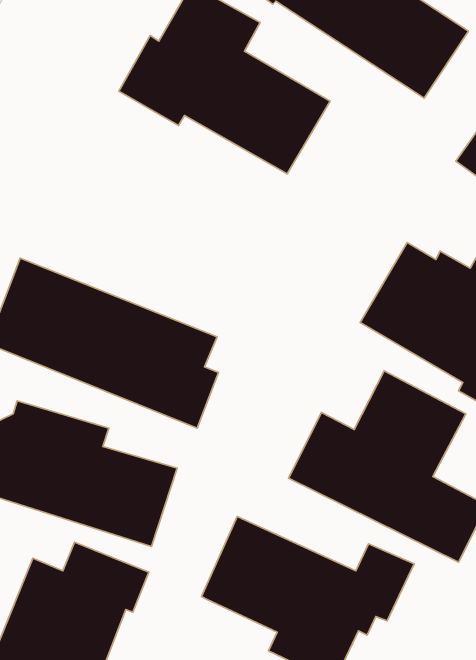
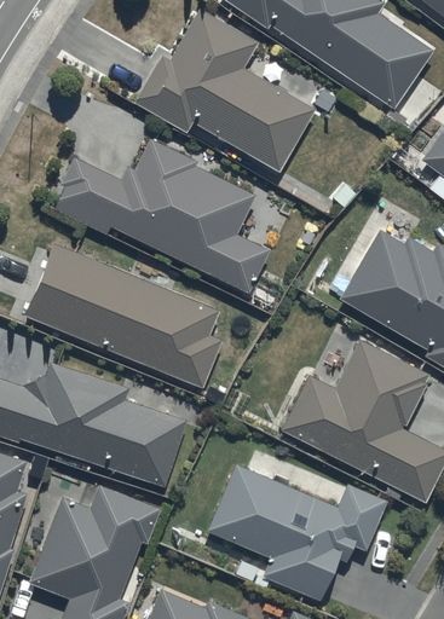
building: none -> [56,140,271,294]

